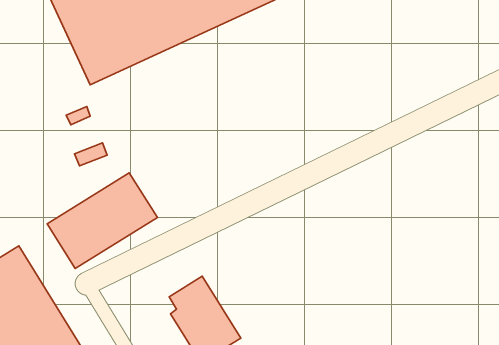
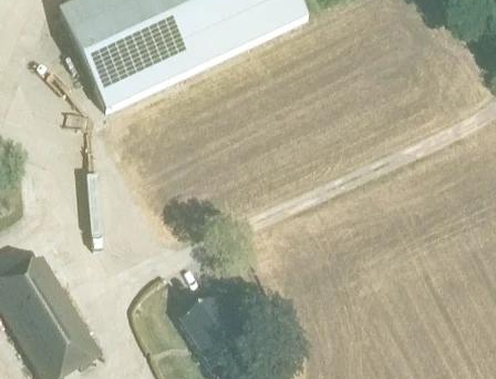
building: [47,173,157,269] -> none

